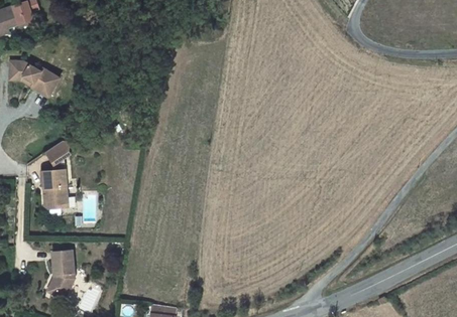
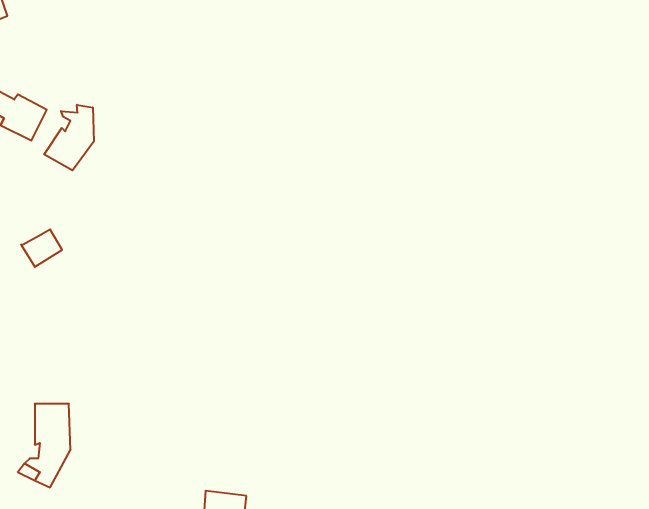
building: none -> [44,105,94,170]
building: [41,171,65,210] -> none

